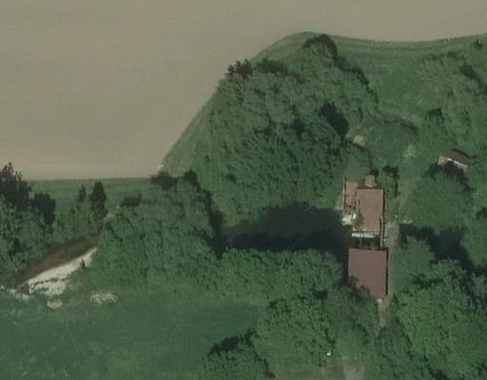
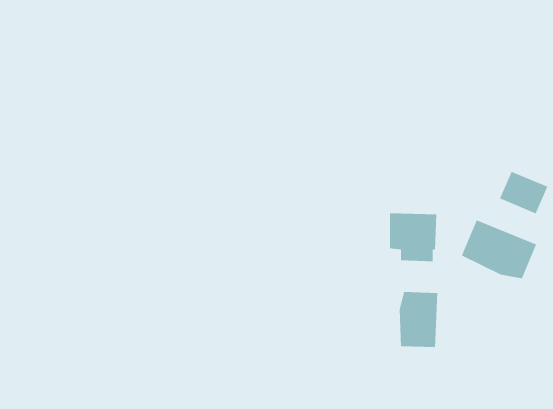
building: none -> [461,219,537,279]

